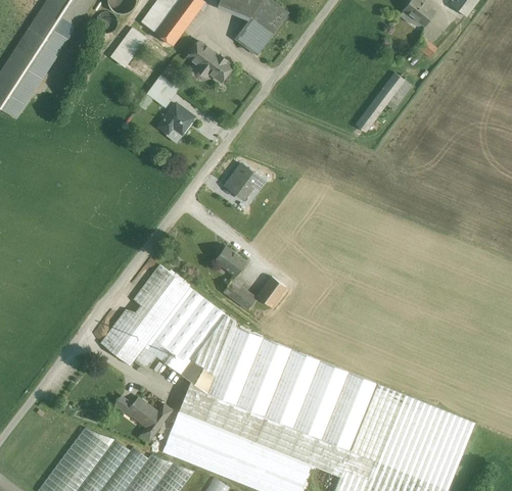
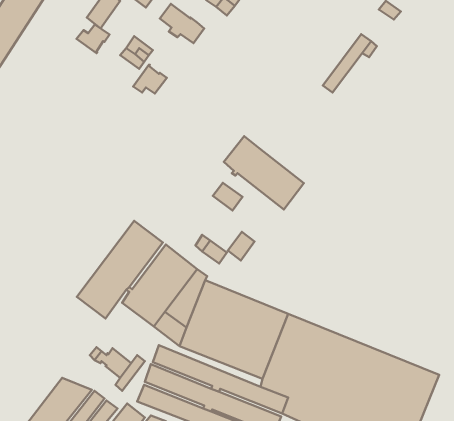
building: none -> [77,24,110,53]
building: [224,163,263,197] -> none
building: none -> [224,136,304,210]
building: [215,246,245,275] -> [213,183,243,211]

